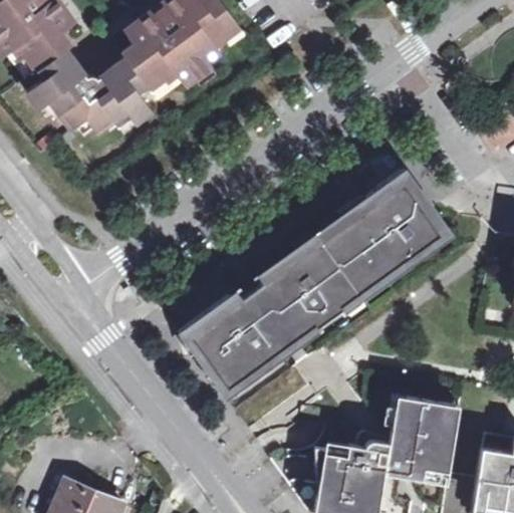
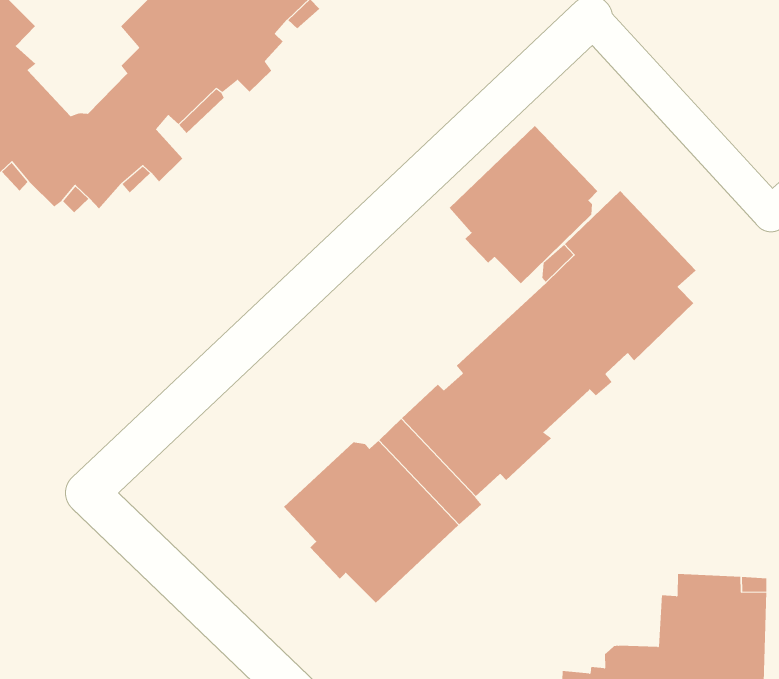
building: none -> [449,125,598,284]

